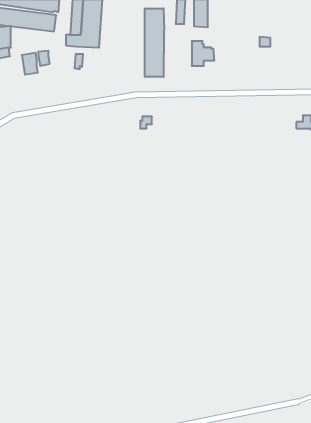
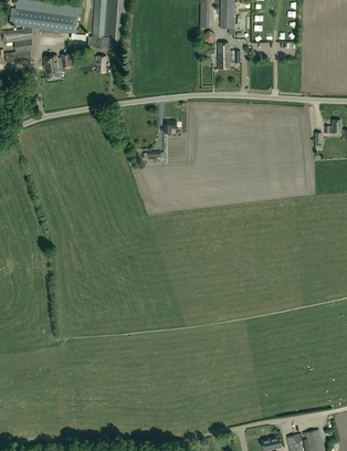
building: [145,8,164,77] -> none

